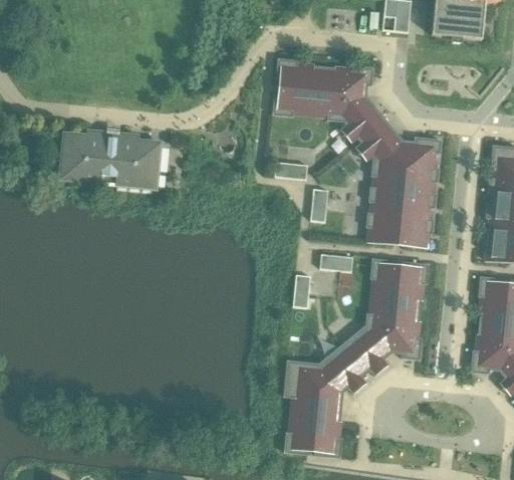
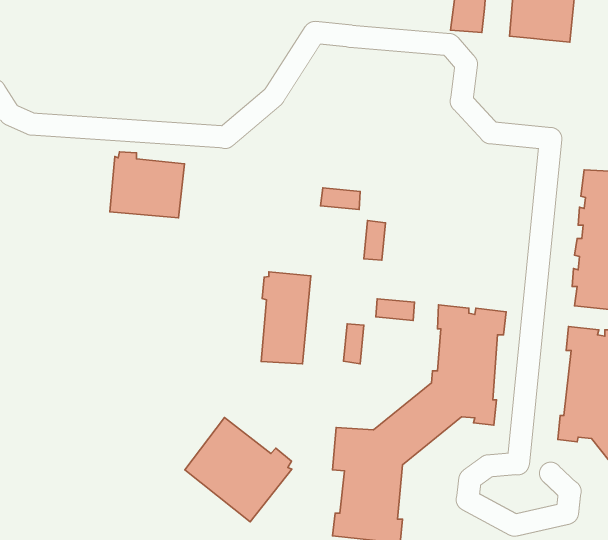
building: [272,58,440,246] -> none
building: [59,132,101,181] -> none
building: none -> [261,272,311,364]
building: none -> [185,417,292,522]

